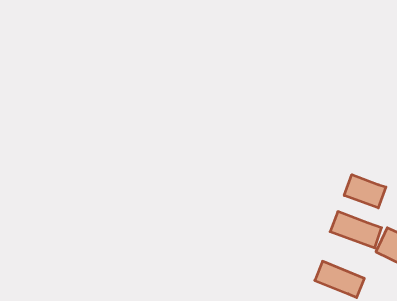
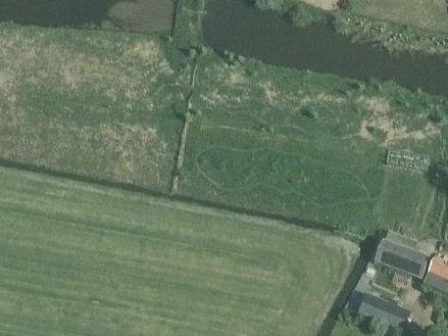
building: [344,175,386,208] -> none

